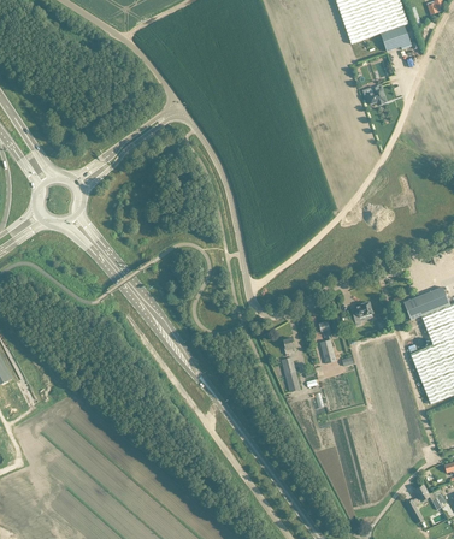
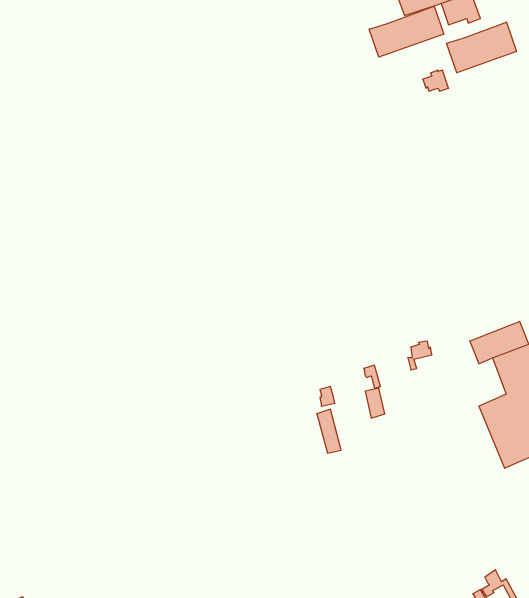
building: none -> [369,6,444,57]
building: none -> [446,22,517,73]

